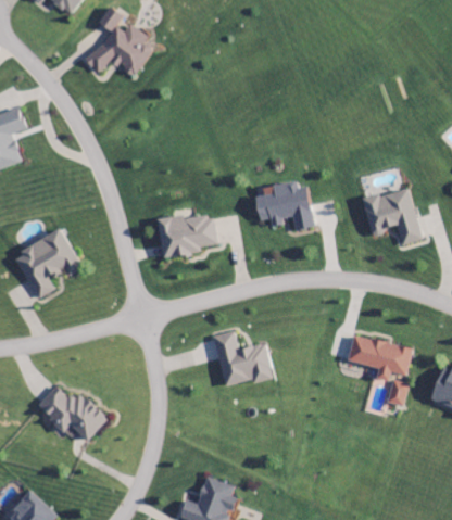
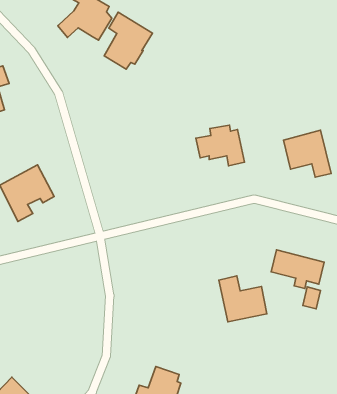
building: none -> [104,12,153,69]
building: [158,212,218,258] -> none
building: [213,330,272,386] -> [219,276,267,322]
building: [36,385,108,441] -> none

